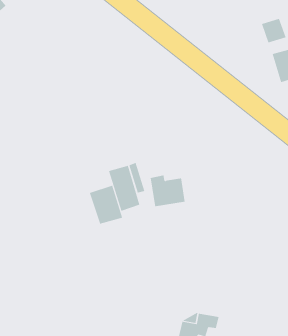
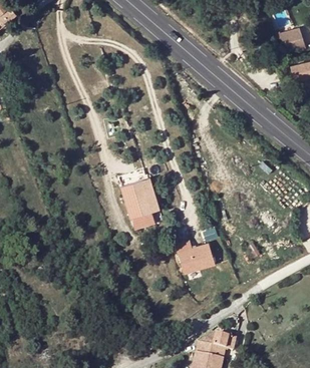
building: [150,175,186,207] -> [174,238,211,271]
building: [89,185,123,225] -> none

